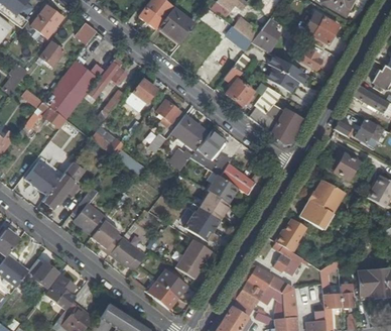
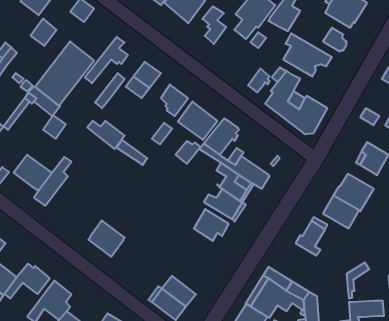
building: [224,68,245,101] -> [202,6,226,44]
building: [74,187,107,235] -> none
building: [110,238,146,271] -> none
building: [176,240,213,279] -> none
building: [273,241,303,270] -> none

